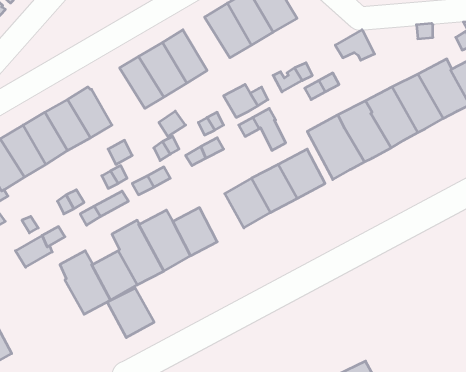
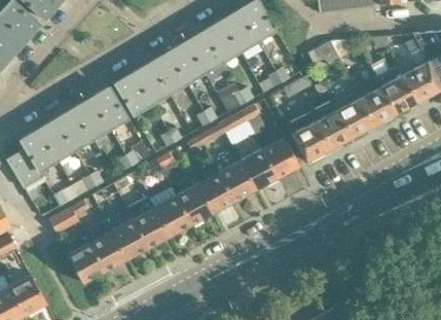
building: none -> [185,30,223,73]
building: none -> [114,71,154,116]
building: none -> [198,173,234,212]
building: [107,288,154,338] -> [67,243,105,283]

